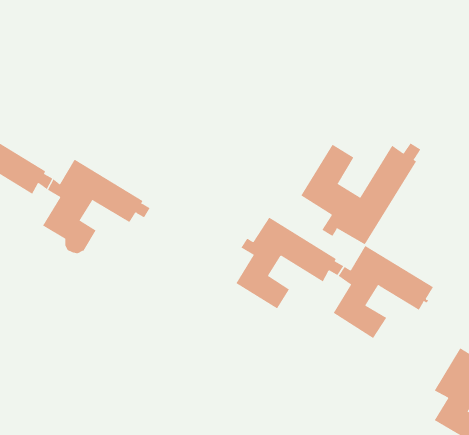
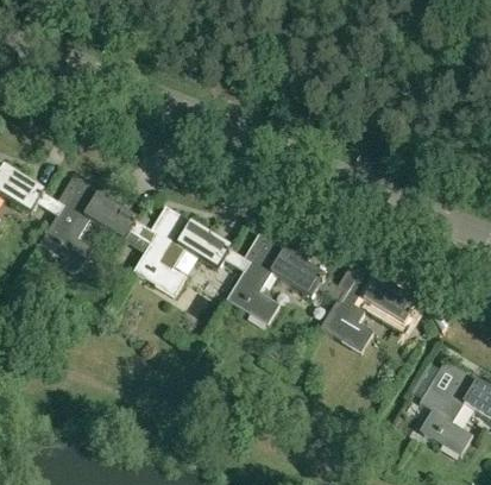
building: [300,143,421,245] -> none
building: none -> [134,206,239,295]

